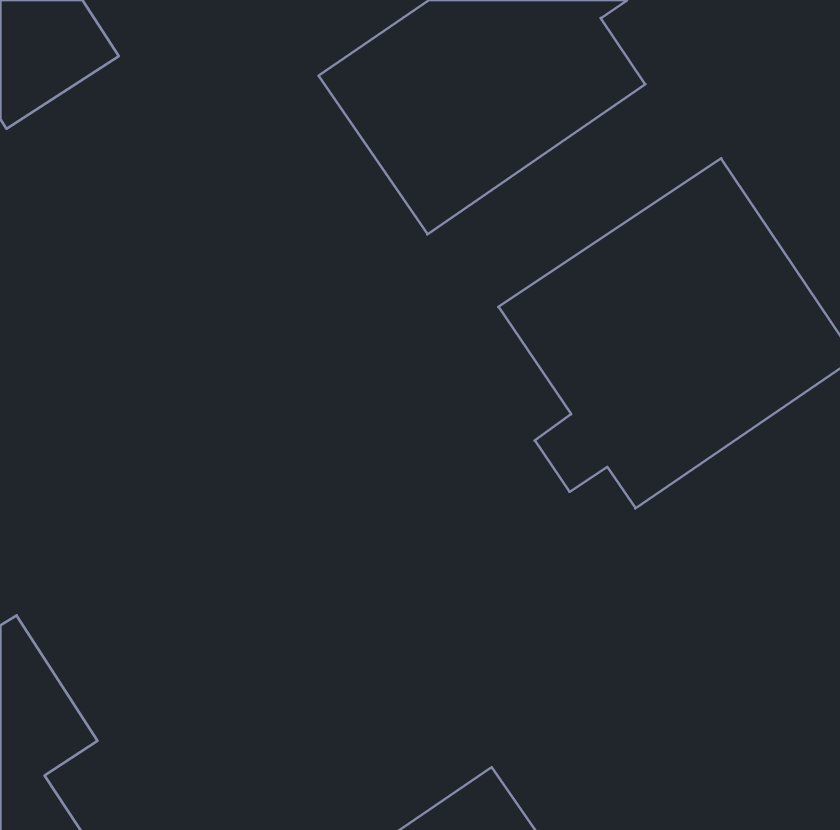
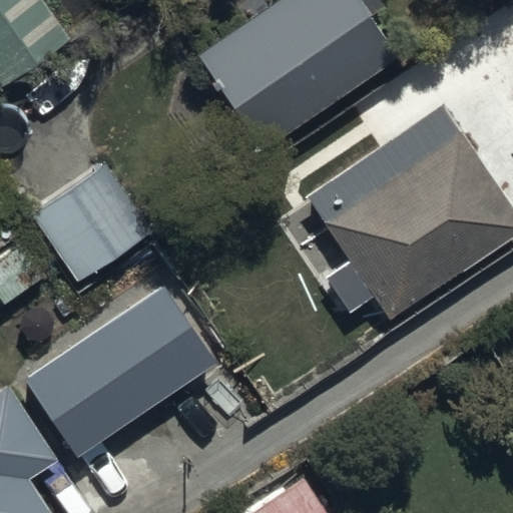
building: none -> [33,165,146,276]
building: none -> [29,293,221,465]

